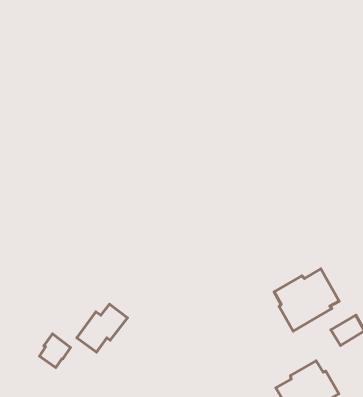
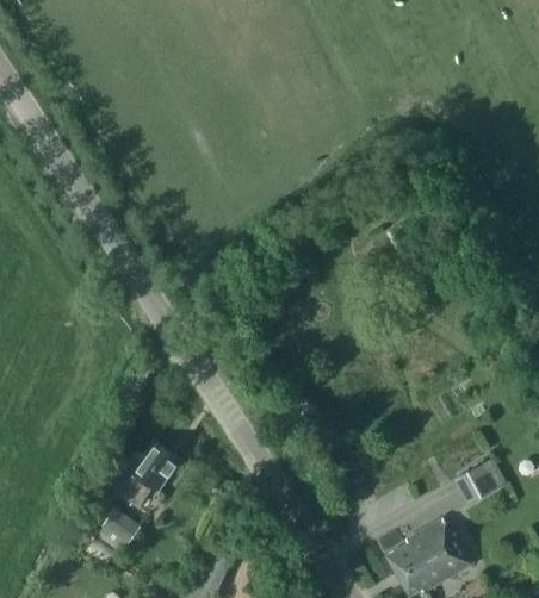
building: [274,269,339,331] -> none
building: [39,334,70,367] -> [97,507,140,554]

